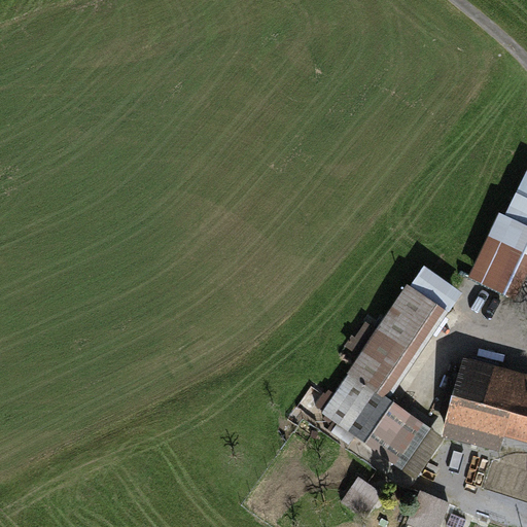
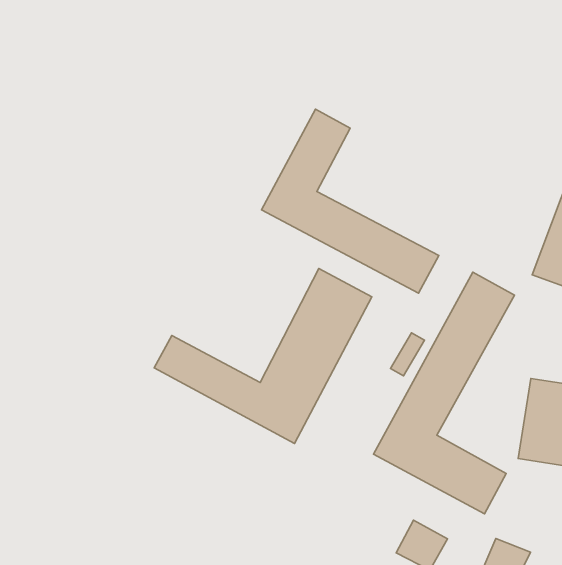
building: none -> [261,109,439,293]
building: none -> [154,268,372,444]

